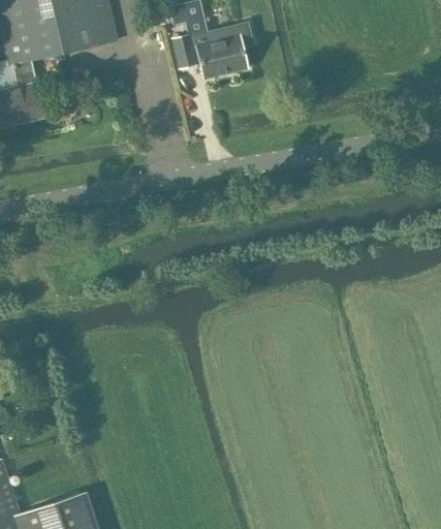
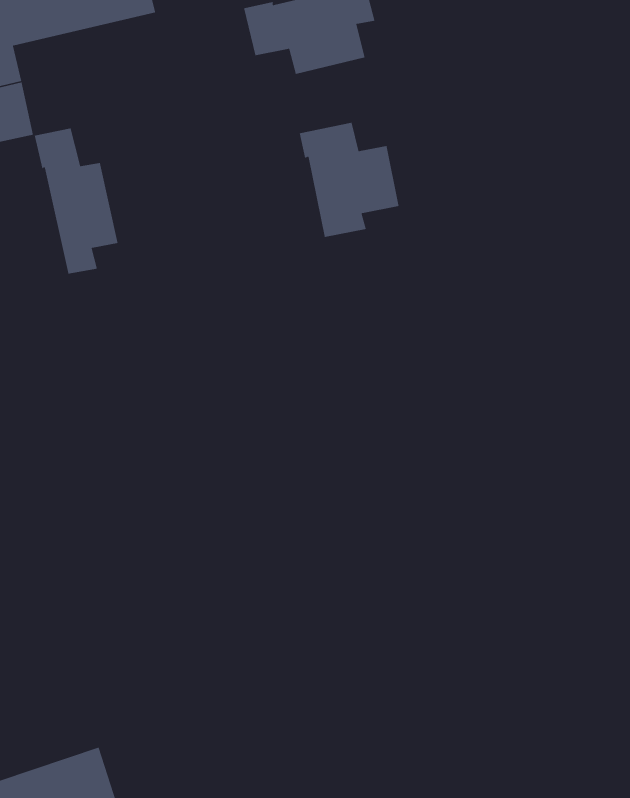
building: none -> [299,122,399,238]
building: none -> [34,127,118,274]

